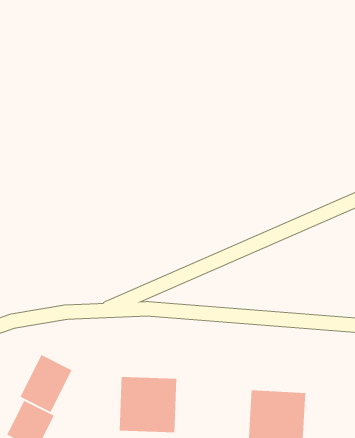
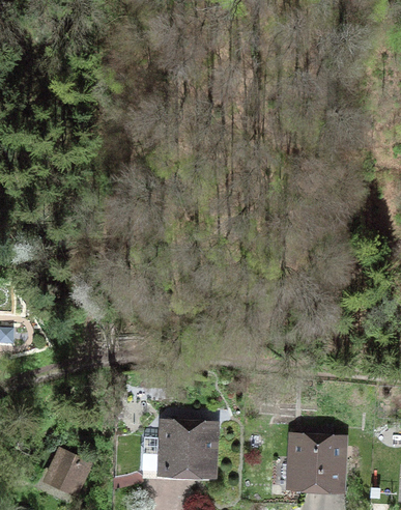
building: [20,354,72,413] -> none

